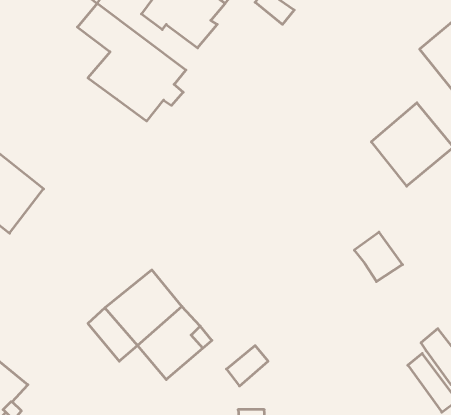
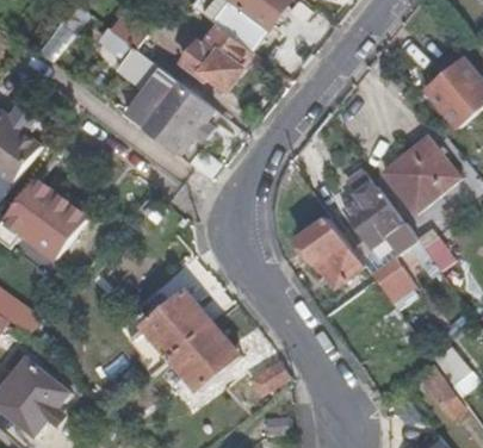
building: none -> [340,170,431,266]
building: none -> [298,216,363,285]

